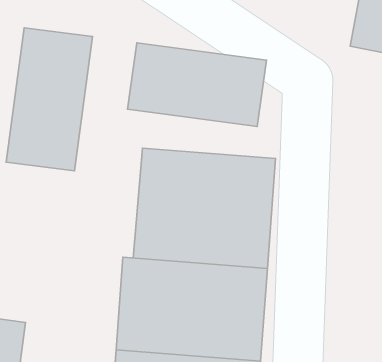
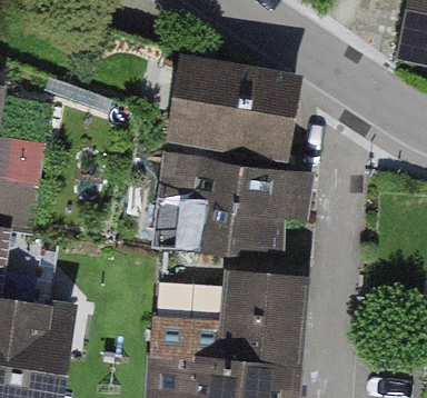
building: [6,28,92,171] -> none

